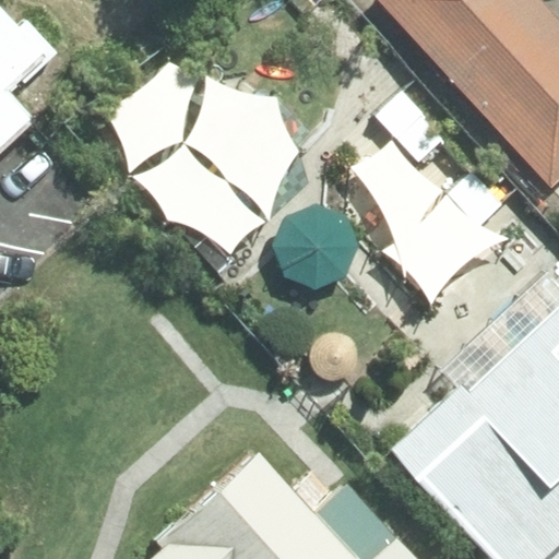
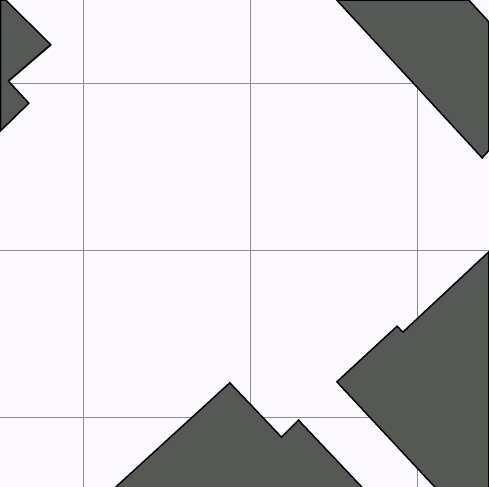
building: [105,67,295,252] -> none
building: [352,144,506,302] -> none

